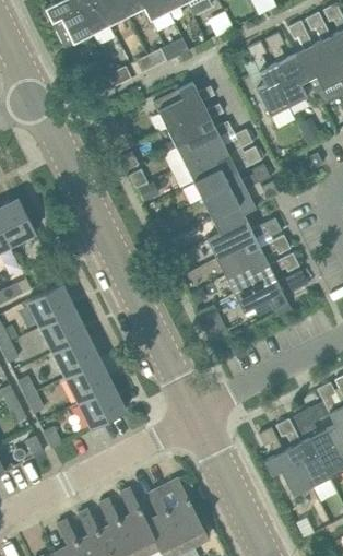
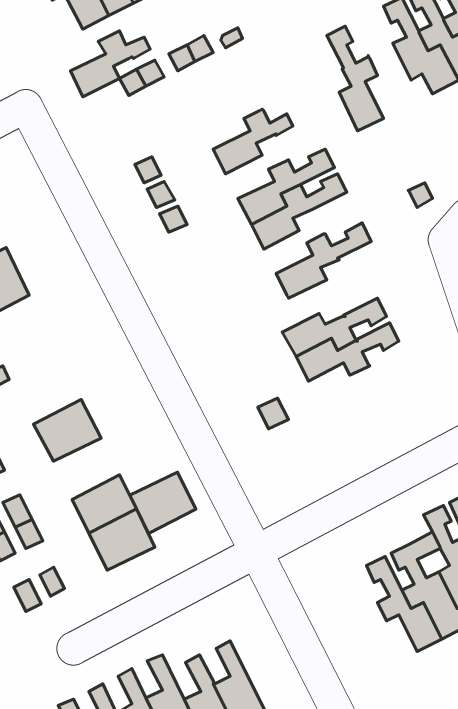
building: [264,33,307,107] -> none
building: [157,82,214,129] -> [70,31,150,97]
building: [175,118,232,164] -> none
building: [202,164,270,217] -> none
building: [206,217,281,259] -> none
building: [234,270,308,312] -> none
building: [26,283,72,324] -> none
building: [52,334,99,378] -> [130,472,196,534]
building: [258,427,311,496] -> none

